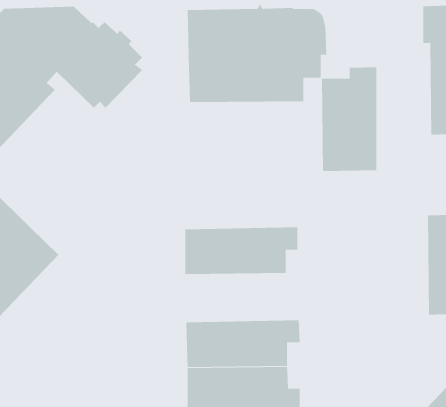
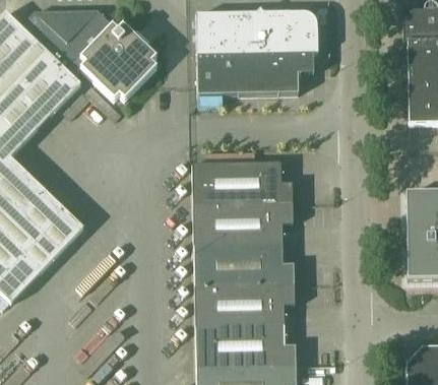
building: [321,67,377,172] -> none
building: none -> [193,161,294,204]
building: none -> [194,243,295,285]

